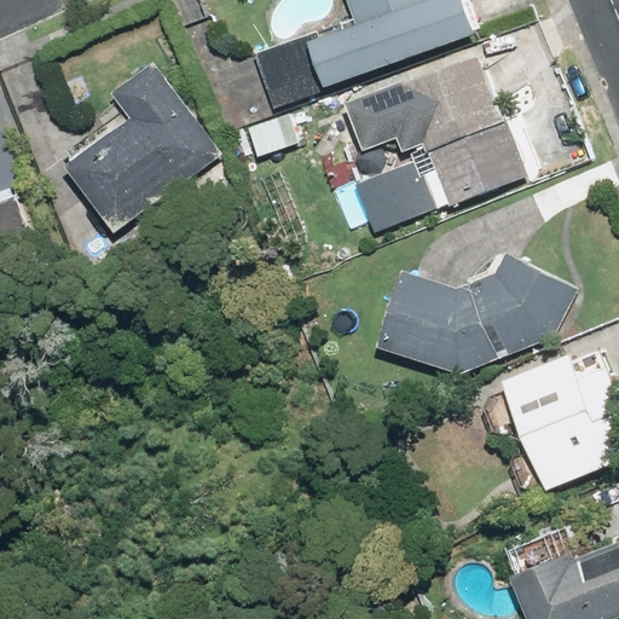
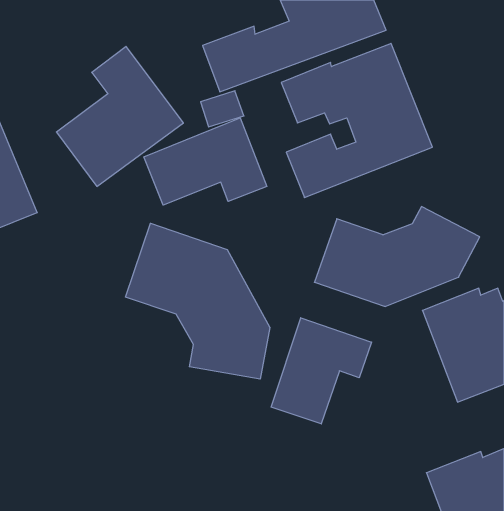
building: none -> [144,118,267,205]
building: none -> [125,223,270,379]
building: none -> [271,318,372,424]

